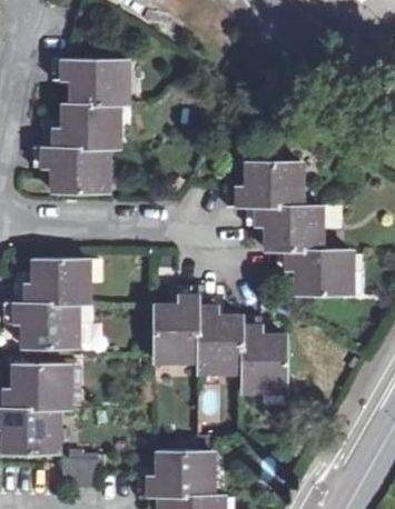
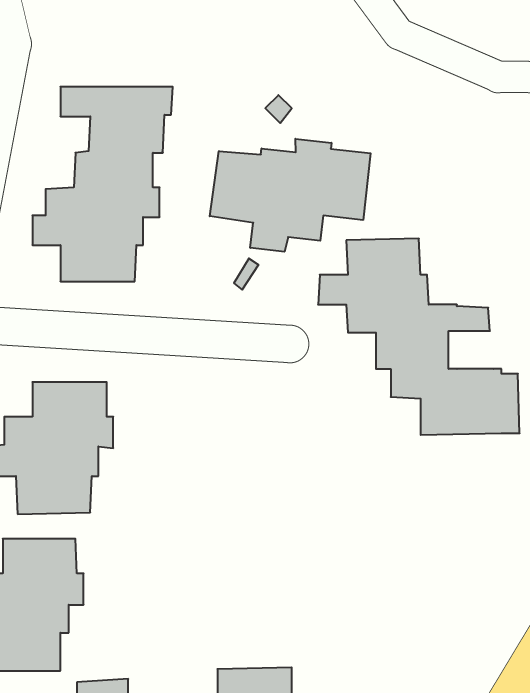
building: none -> [210,139,371,252]
building: [154,287,287,391] -> none

